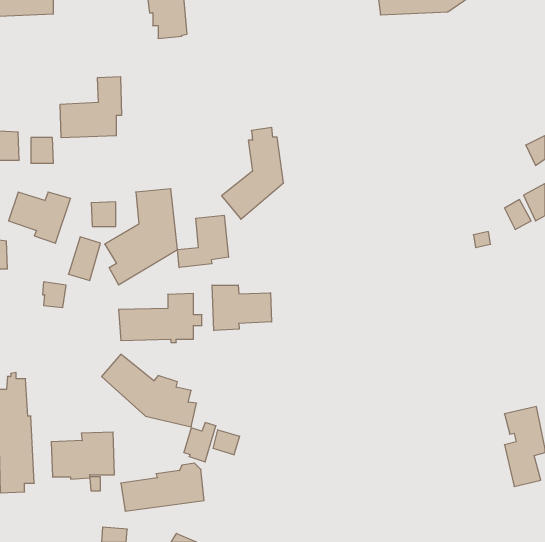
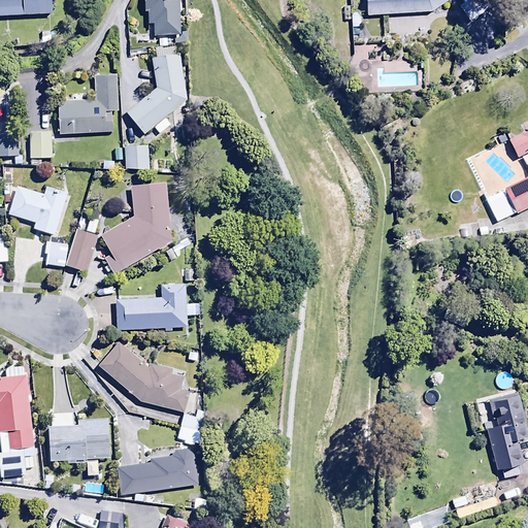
building: [222,127,284,219] -> [126,45,186,134]
building: [91,202,116,226] -> [125,145,148,169]
building: [177,215,228,268] -> none
building: [43,282,66,308] -> [45,241,68,266]
building: [212,285,272,331] -> none
building: [213,430,240,455] -> none

